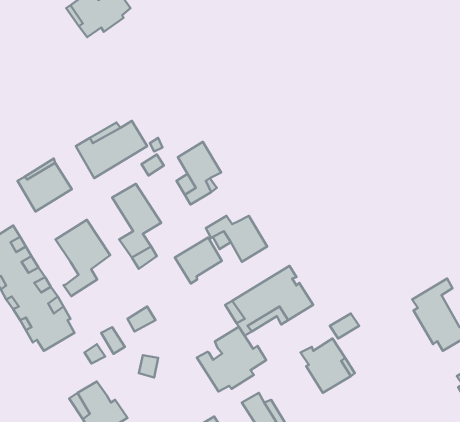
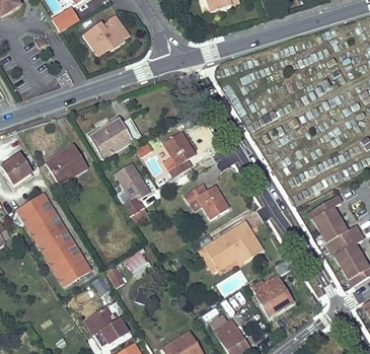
building: [55,220,110,296] -> none
building: none -> [312,195,359,246]
building: [175,238,222,284] -> none
building: [197,327,266,391] -> none

